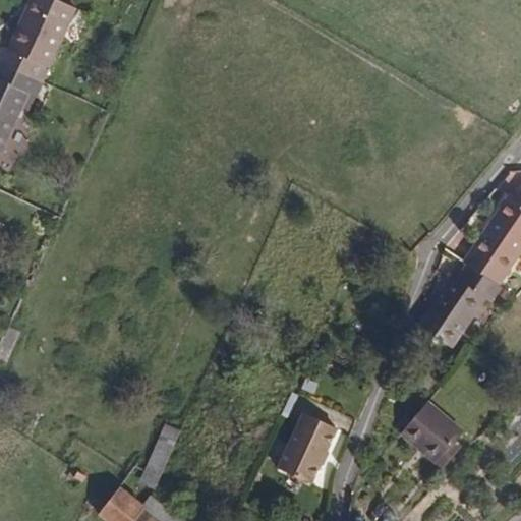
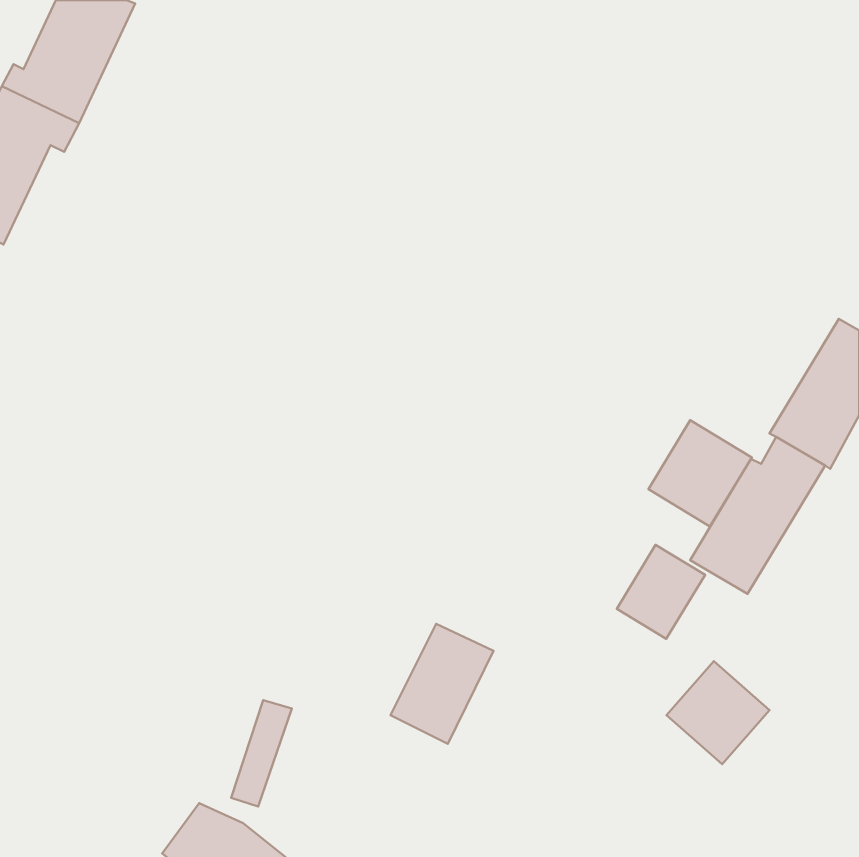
building: none -> [648,420,752,527]
building: none -> [617,545,705,639]
building: [279,408,341,480] -> [390,624,493,744]

